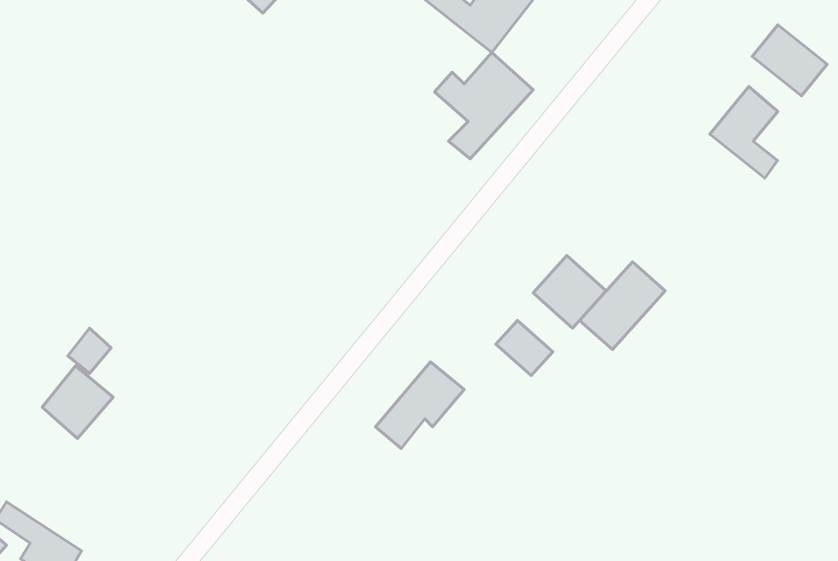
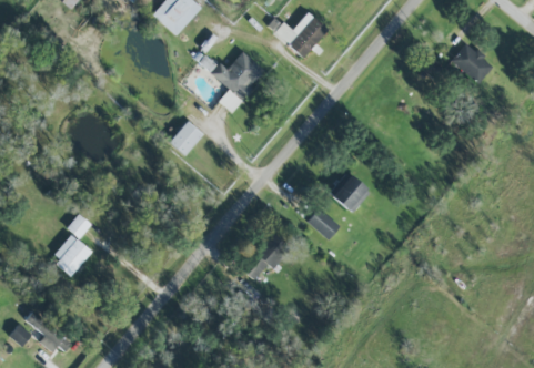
building: [435,52,533,159] -> [210,52,265,112]
building: [710,87,778,178] -> none
building: none -> [168,122,202,156]
building: [580,262,665,350] -> none

